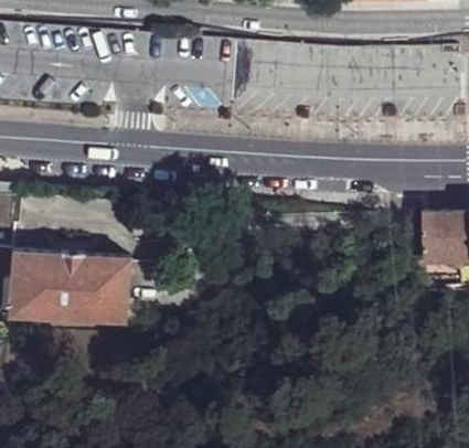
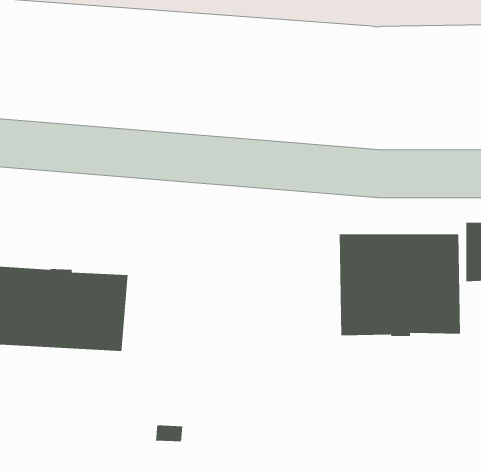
building: none -> [339,234,461,337]

